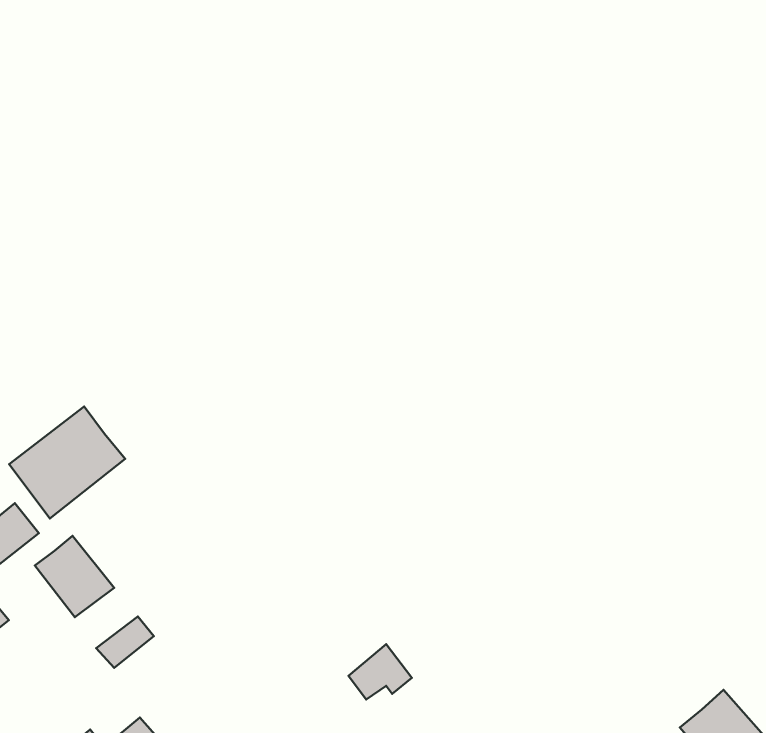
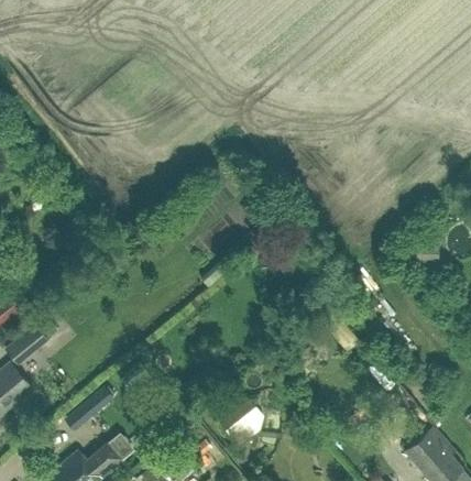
building: [9,407,125,519] -> none
building: [35,536,114,617] -> none

